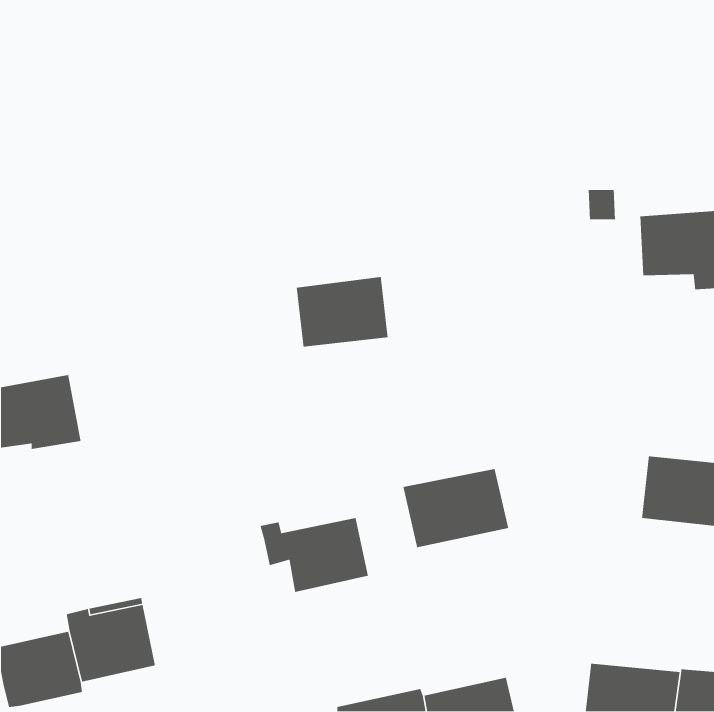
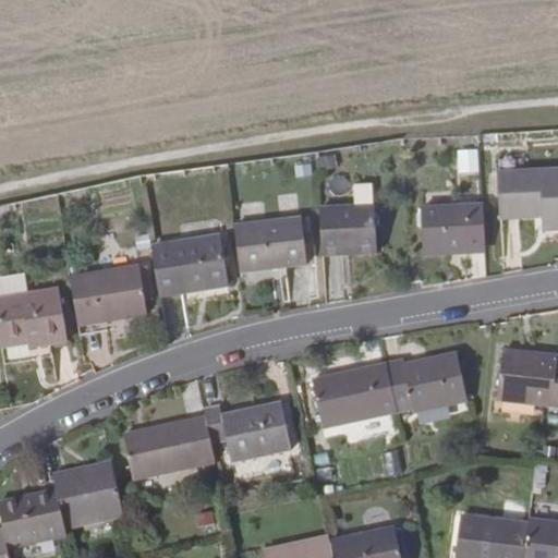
building: none -> [422,207,483,256]
building: none -> [318,208,374,257]
building: none -> [149,236,225,295]
building: none -> [68,265,144,324]
building: none -> [387,352,466,413]
building: none -> [125,421,215,476]

